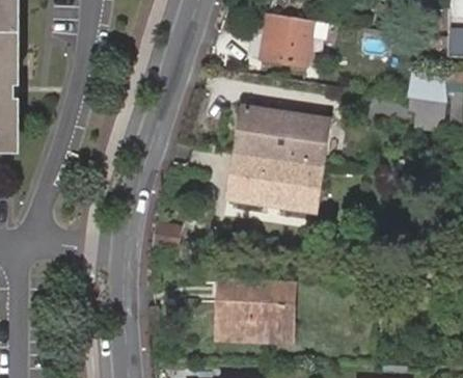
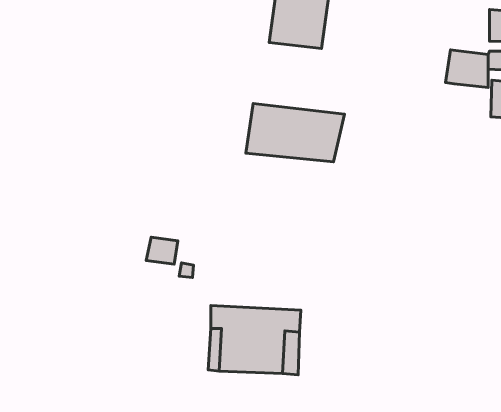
building: [415,93,448,125] -> none
building: [235,153,317,206] -> none

